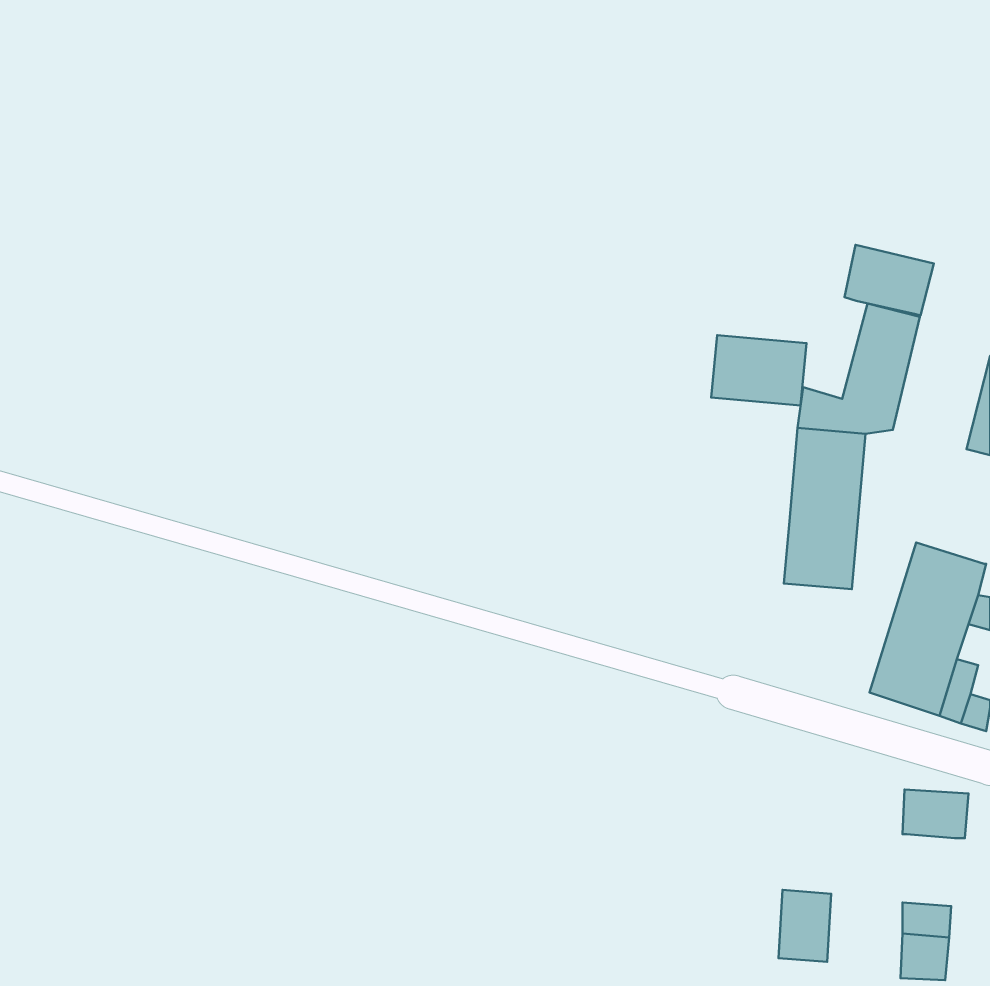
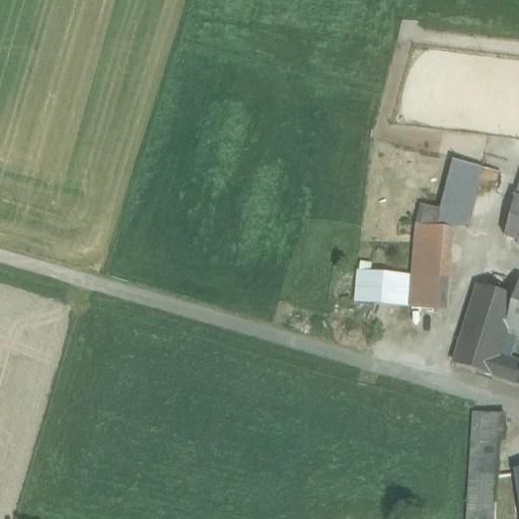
building: [844,245,934,316] -> none
building: [711,335,806,405] -> [362,268,412,304]
building: [779,890,831,962] -> [470,435,498,472]

